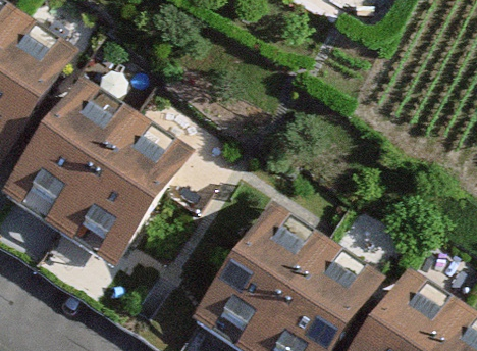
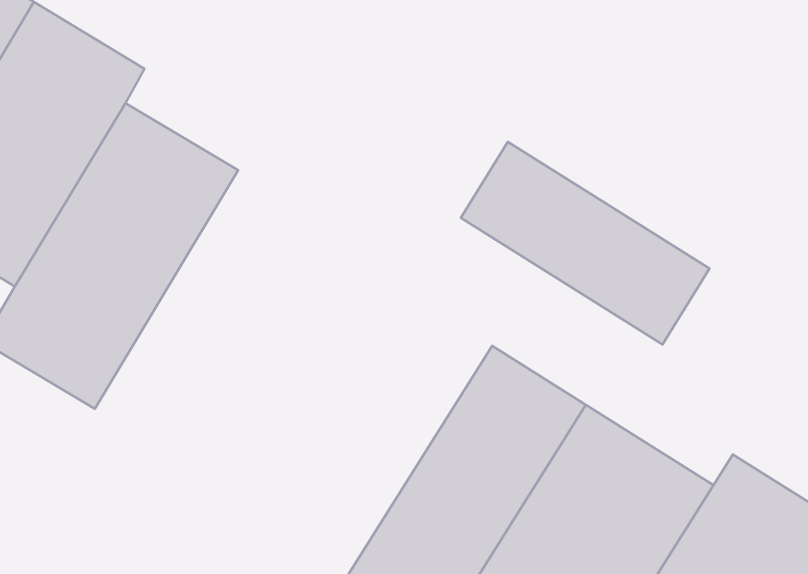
building: none -> [461,142,710,344]
building: [56,109,191,272] -> none

